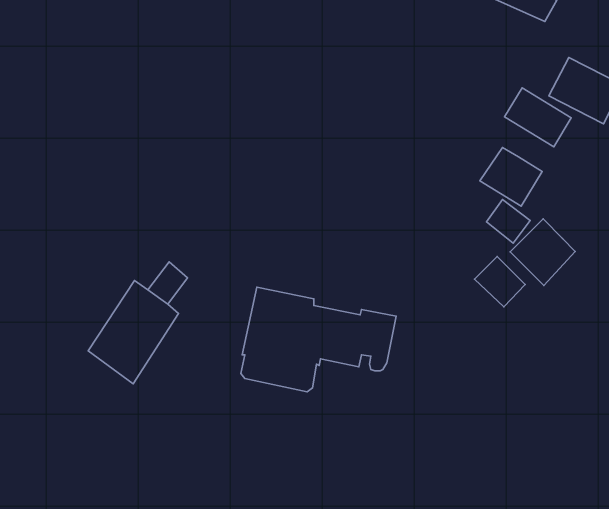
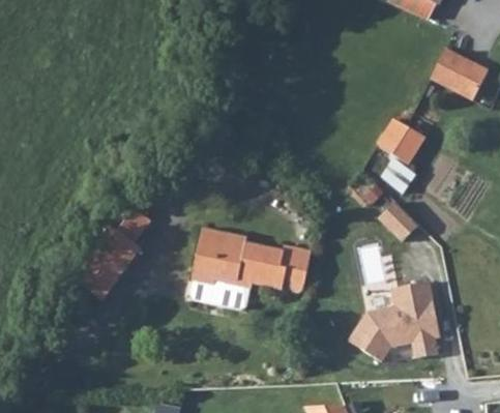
building: [505,88,571,147] -> none
building: [510,219,575,285] -> none
building: none -> [343,283,435,363]

